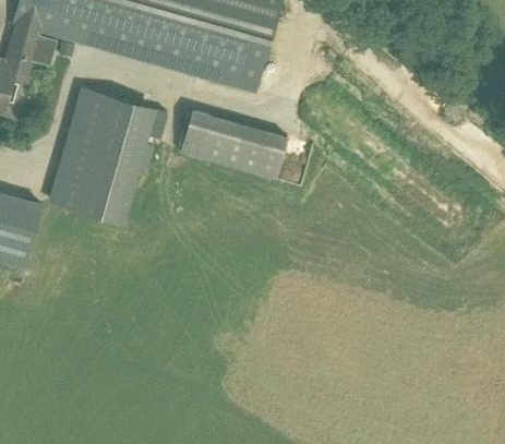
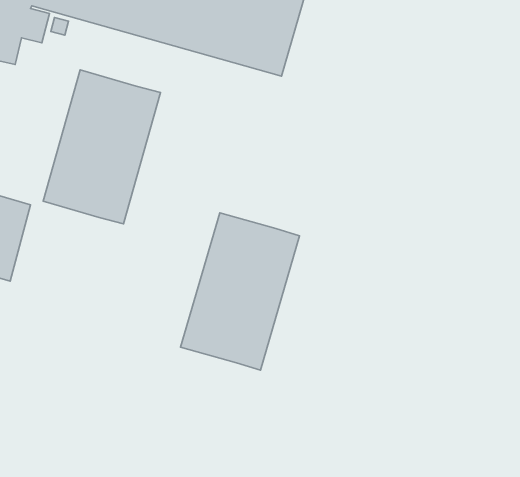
building: [179,109,288,180] -> none
building: none -> [180,213,300,370]

